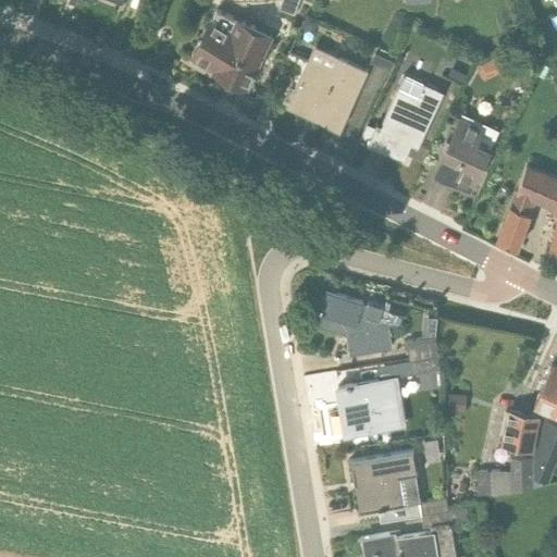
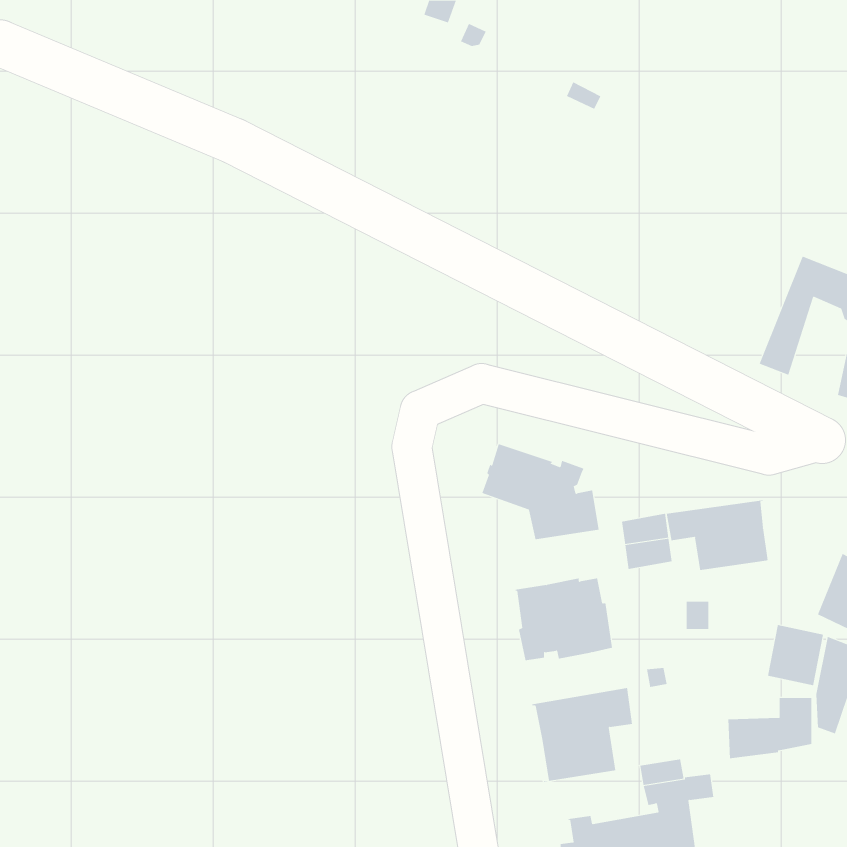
building: [193,13,272,87] -> none
building: [288,60,368,131] -> none
building: [371,76,444,161] -> none
building: [435,122,490,185] -> none
building: none -> [666,500,773,571]

